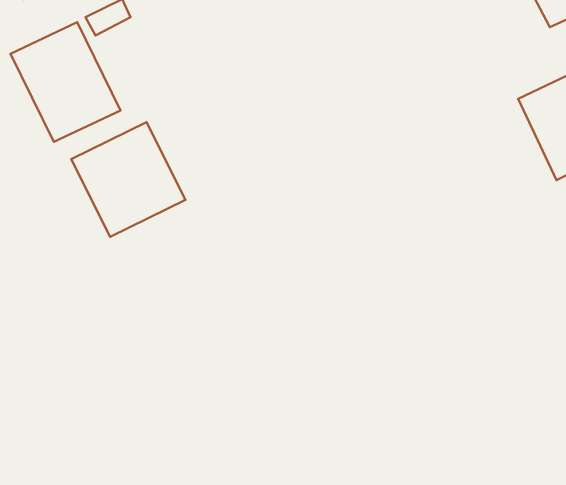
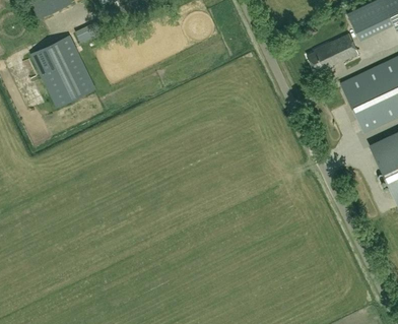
building: none -> [307,31,358,70]
building: [71,122,186,237] -> none

